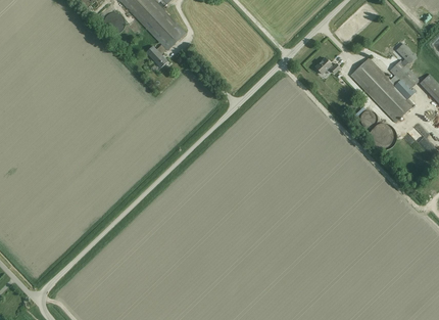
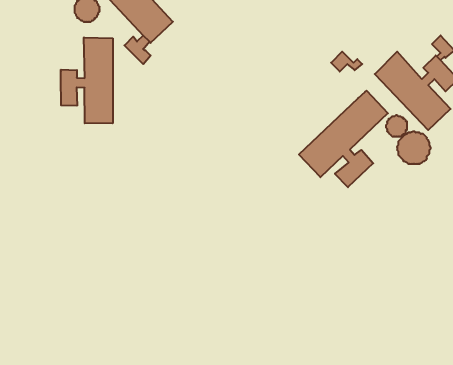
building: none -> [61,37,113,123]
building: none -> [299,91,388,187]

